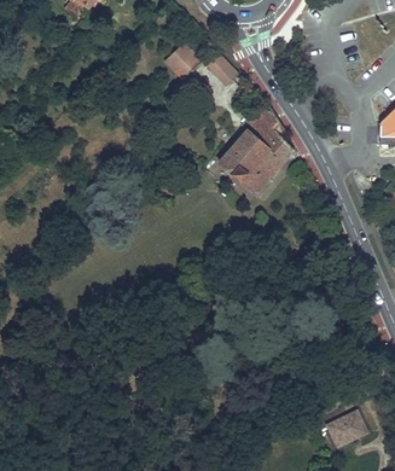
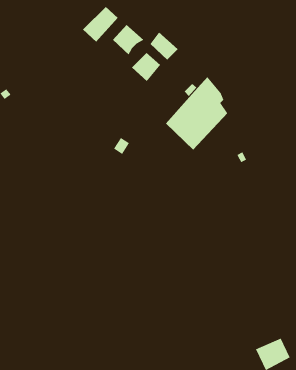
building: none -> [82,6,118,42]
building: none -> [131,52,161,82]

